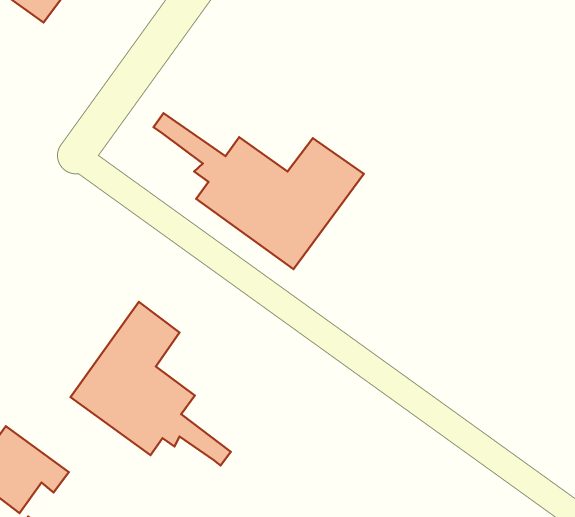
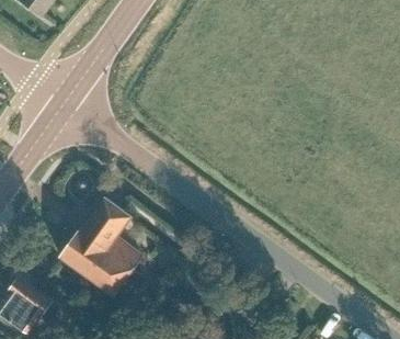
building: [154,113,364,269] -> none

